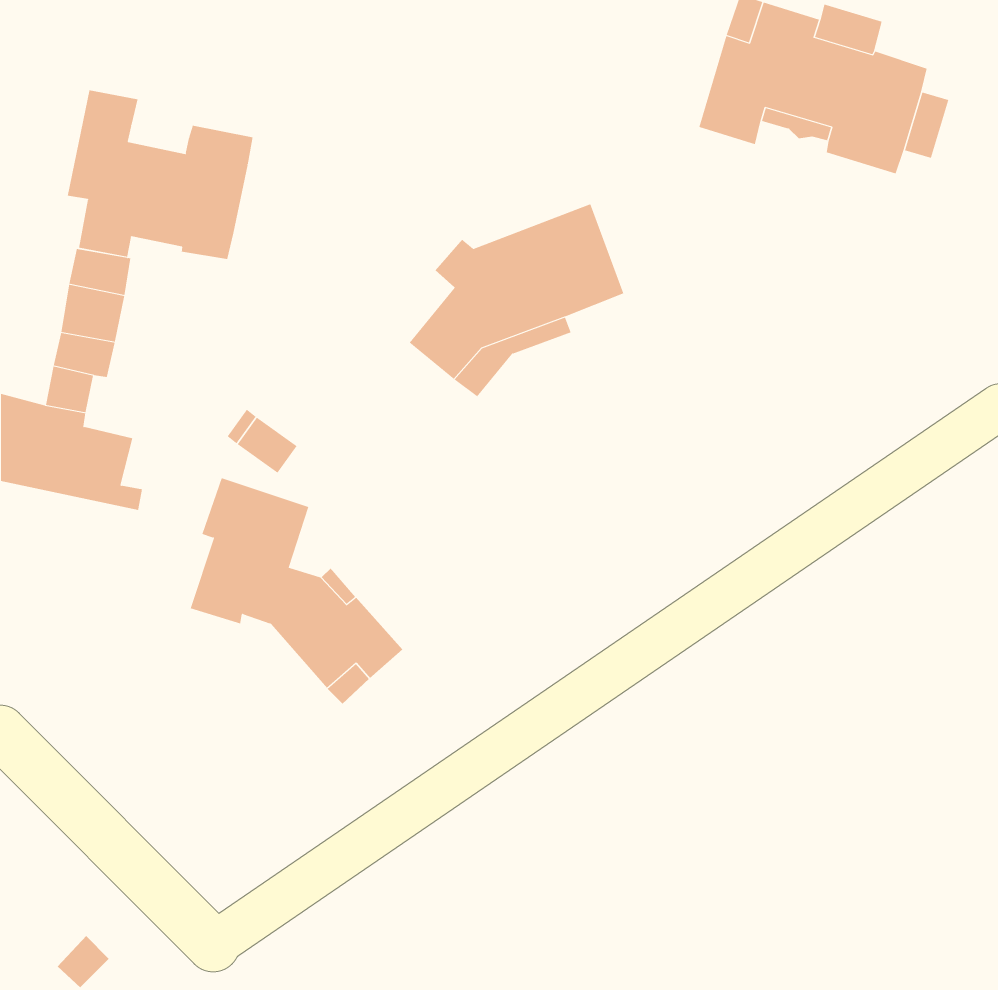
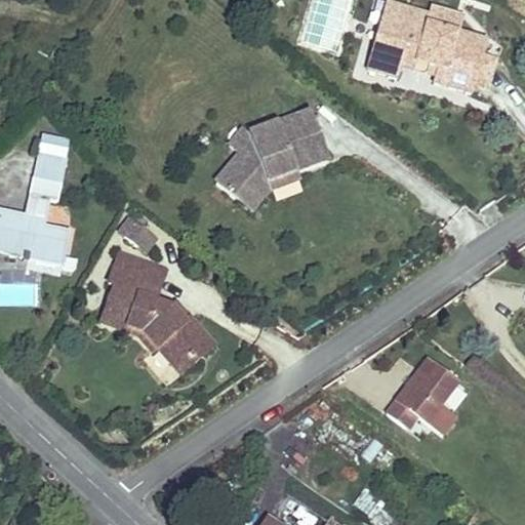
building: [67,89,253,260] -> none
building: none -> [387,355,459,434]

